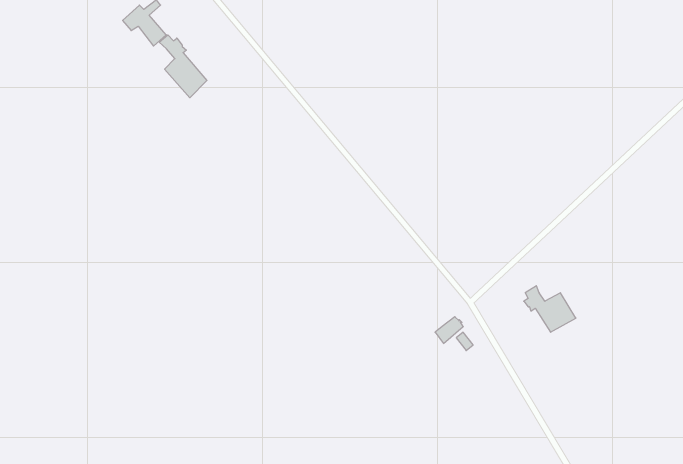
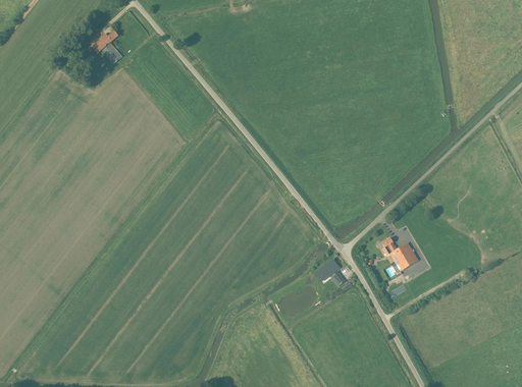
building: [159,35,207,98] -> none

